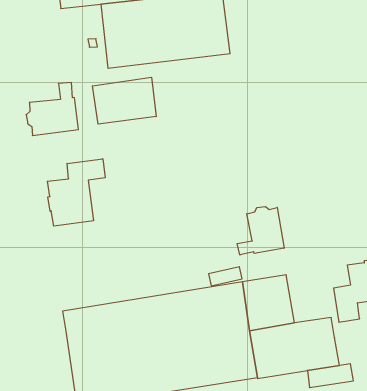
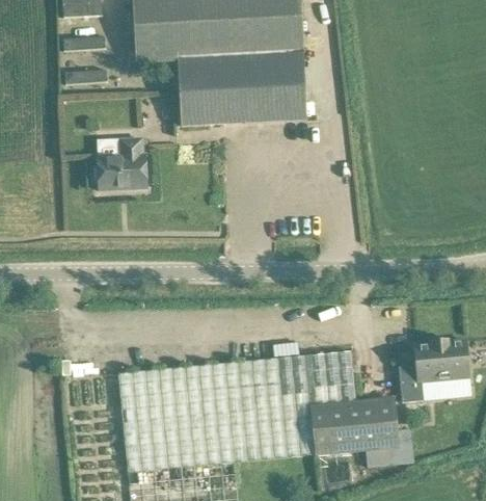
building: [92,77,156,124] -> none
building: [47,159,105,226] -> none
building: [237,207,284,255] -> none

